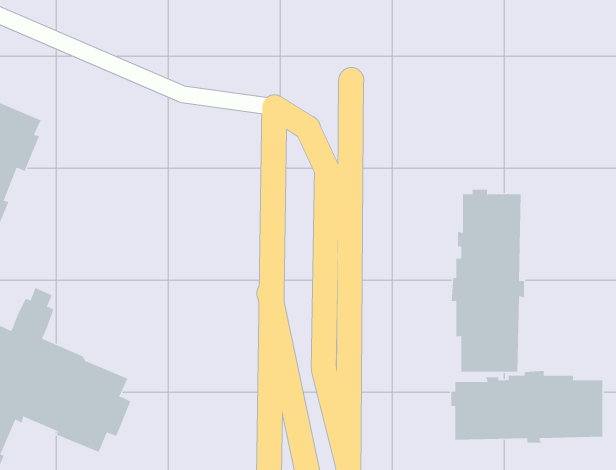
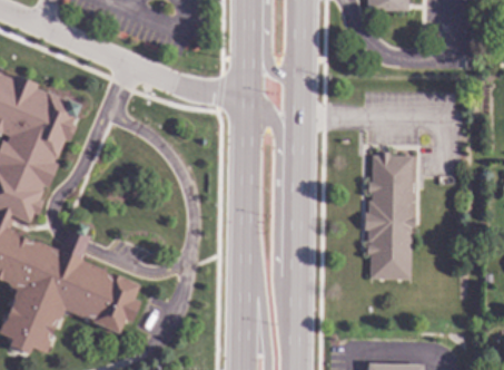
building: [451,370,603,444] -> none

